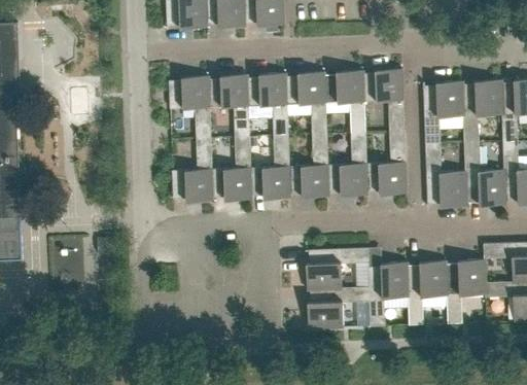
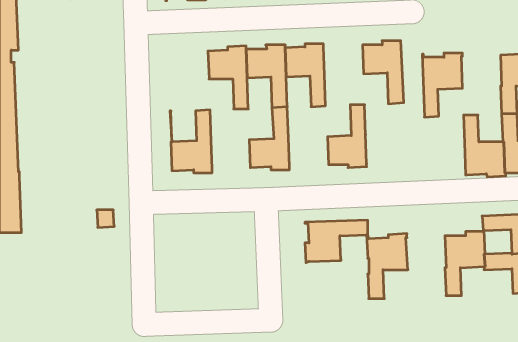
building: [324,70,365,133] -> none
building: [169,76,211,139] -> none
building: [462,79,502,143] -> none
building: [366,131,407,194] -> none
building: [289,134,329,197] -> none
building: [212,137,251,200] -> none
building: [425,144,467,207] -> none
building: [407,260,447,325] -> none
building: [308,286,370,328] -> none

